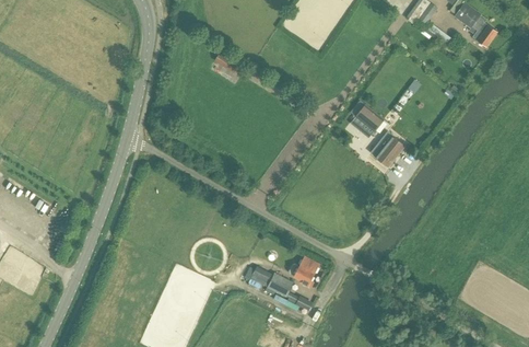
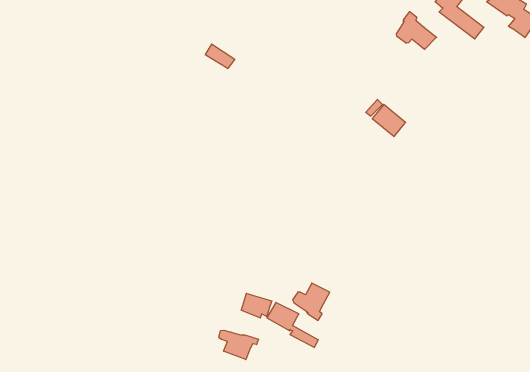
building: none -> [397,12,437,49]
building: [374,136,405,167] -> none
building: none -> [219,330,258,360]

